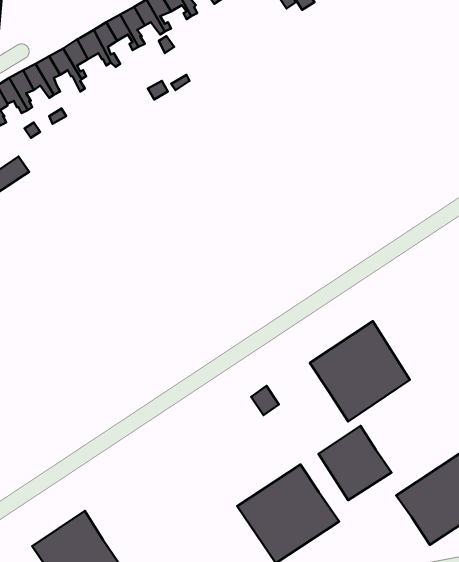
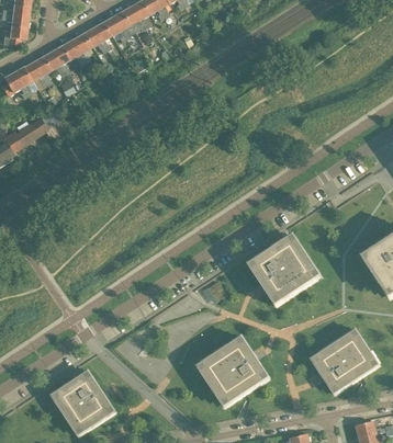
building: [319,426,391,500] -> none

